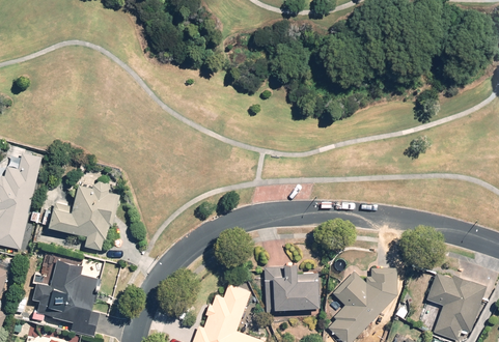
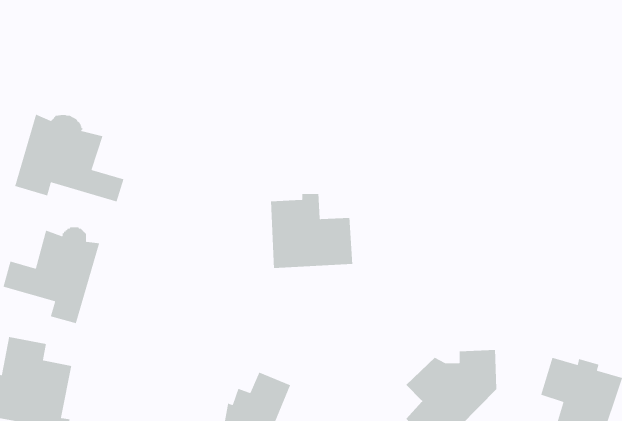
building: none -> [14,114,125,202]
building: [265,260,323,313] -> [270,193,353,269]

